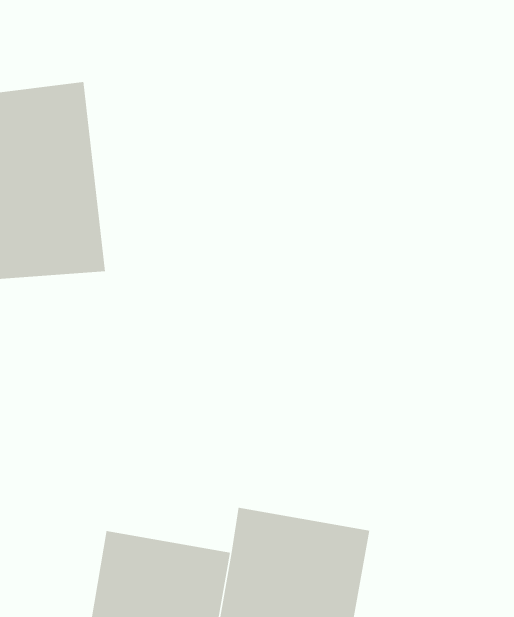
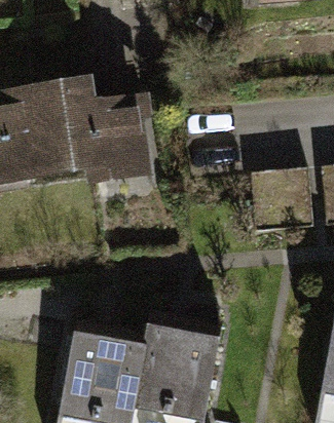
building: none -> [60,73,151,185]

